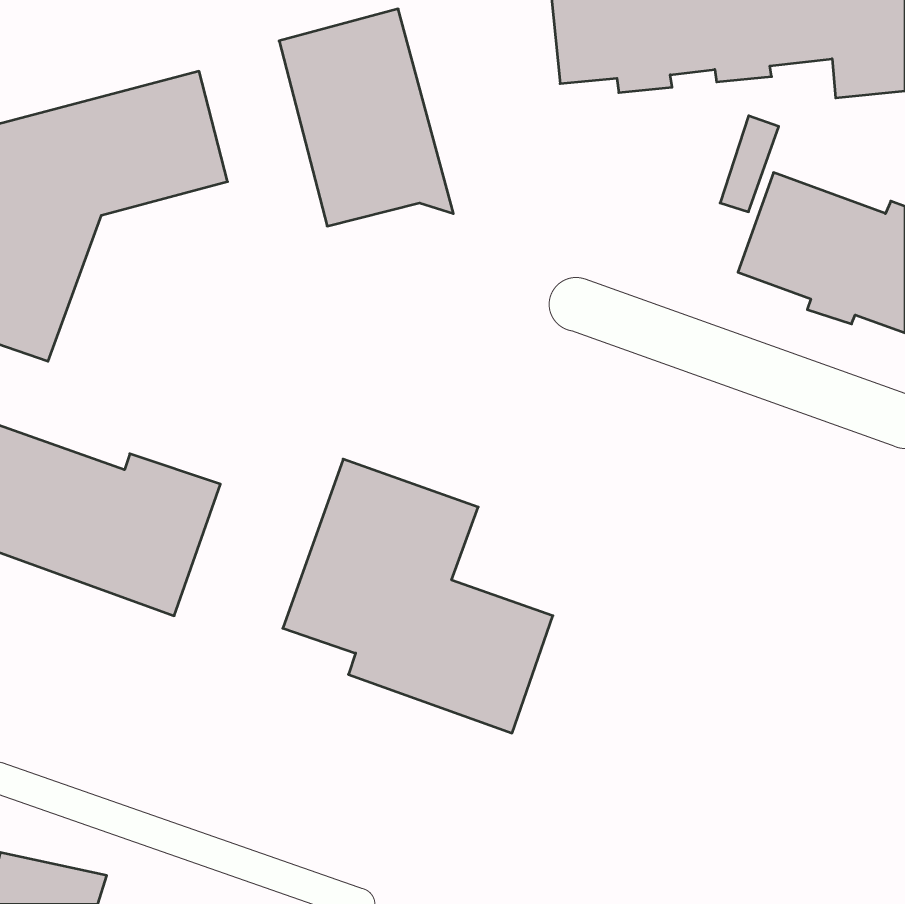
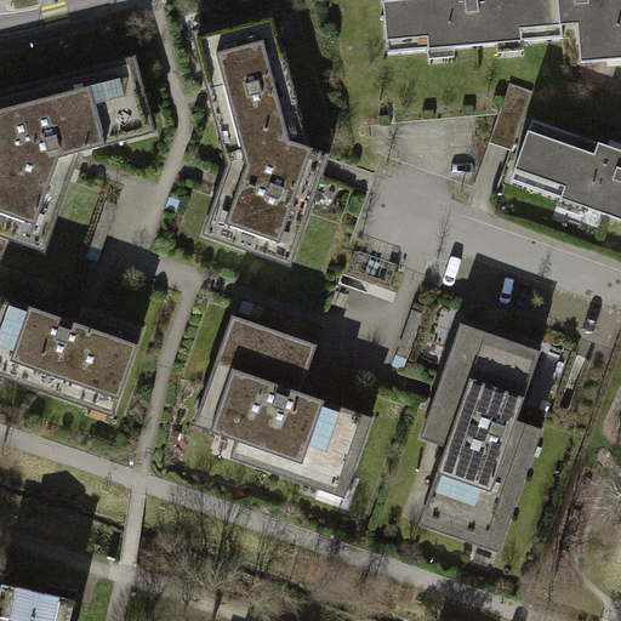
building: none -> [200,138,327,262]
building: none -> [420,323,541,546]

